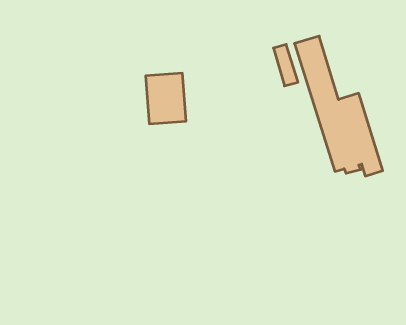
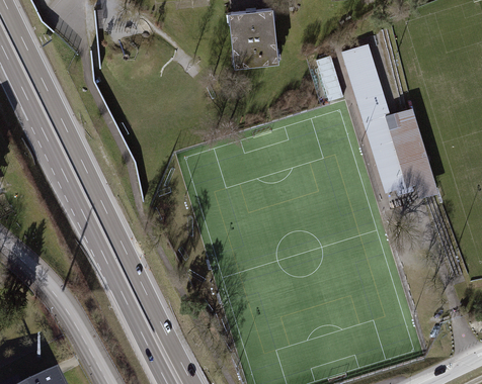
building: [146,73,186,124] -> [229,13,273,69]

